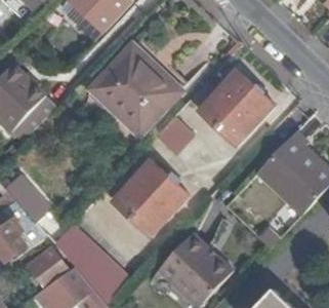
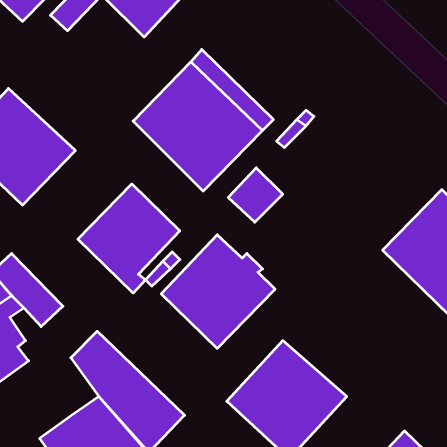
building: [201,72,274,145] -> none
building: none -> [78,184,180,293]
building: [27,245,70,284] -> none

